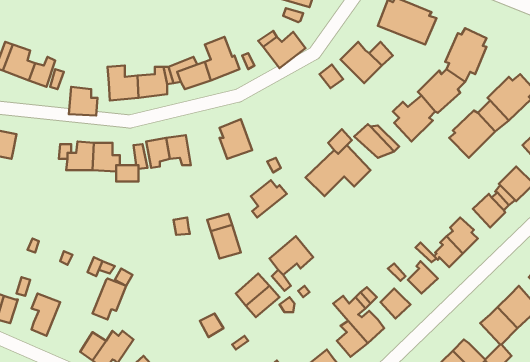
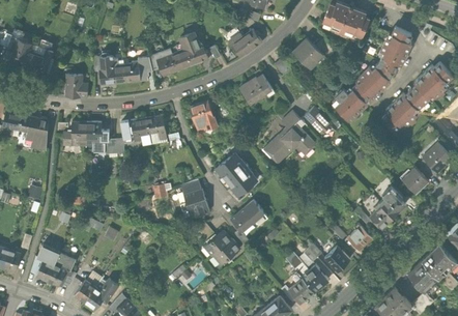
building: none -> [240,76,276,105]
building: none -> [19,115,50,150]
building: none -> [222,165,255,194]
building: [92,278,126,320] -> [47,254,75,288]

